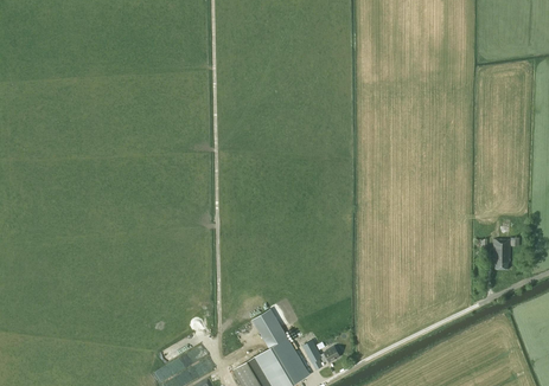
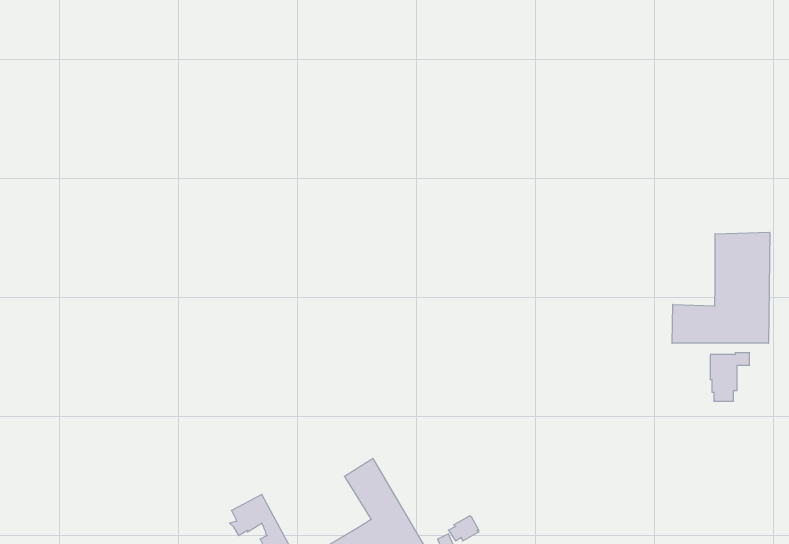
building: none -> [672,232,770,343]

